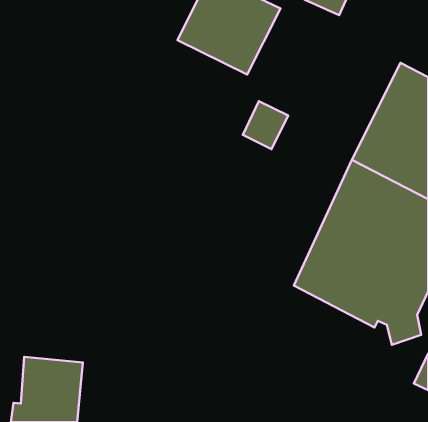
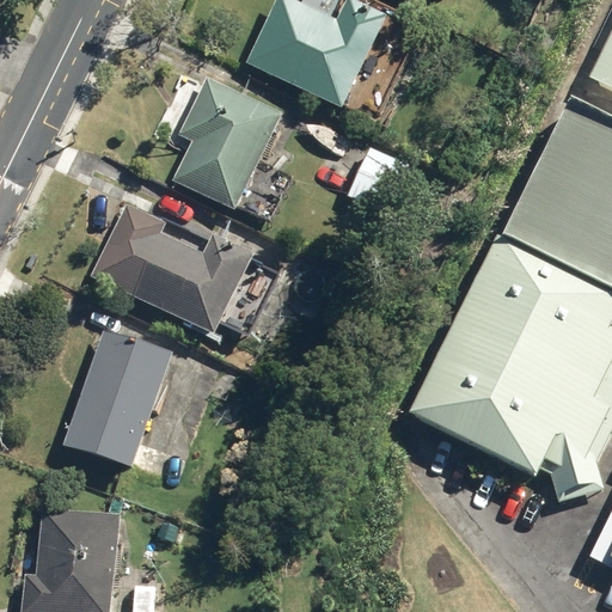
building: none -> [175,69,290,207]
building: none -> [90,204,258,337]
building: none -> [59,338,172,476]

